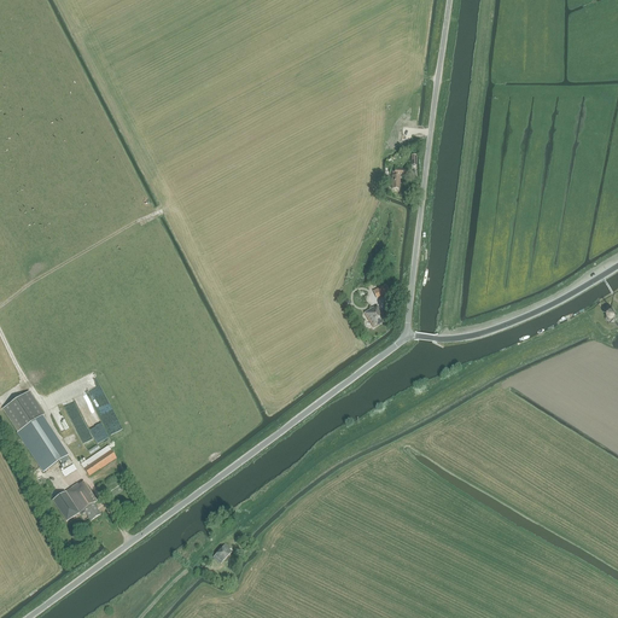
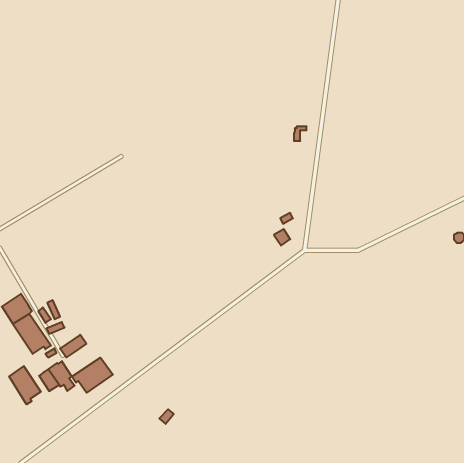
building: none -> [72,358,113,393]
building: none -> [9,366,41,404]

